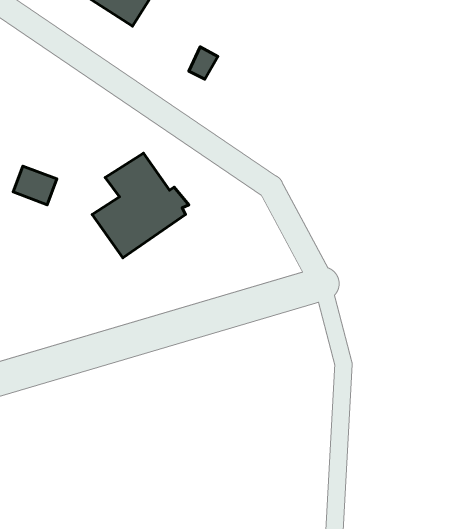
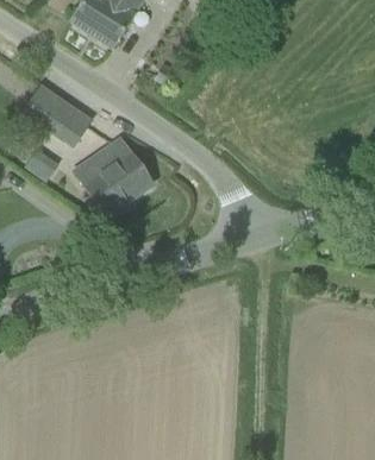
building: none -> [21,84,90,146]

